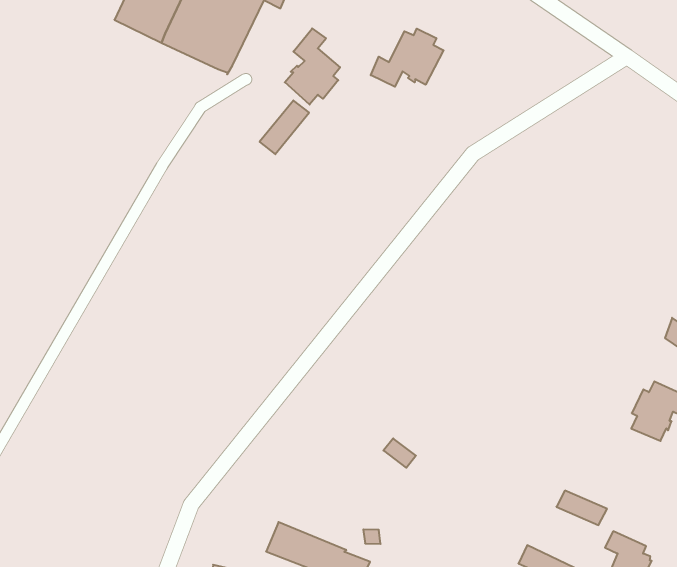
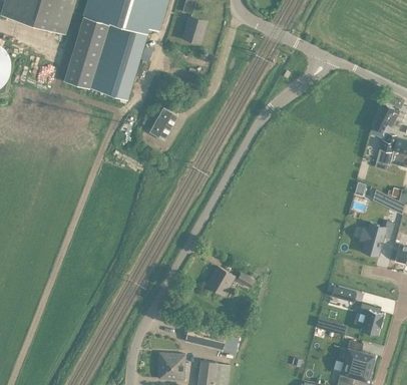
building: [285,28,340,105] -> none
building: [371,29,444,87] -> none
building: none -> [207,267,234,295]

